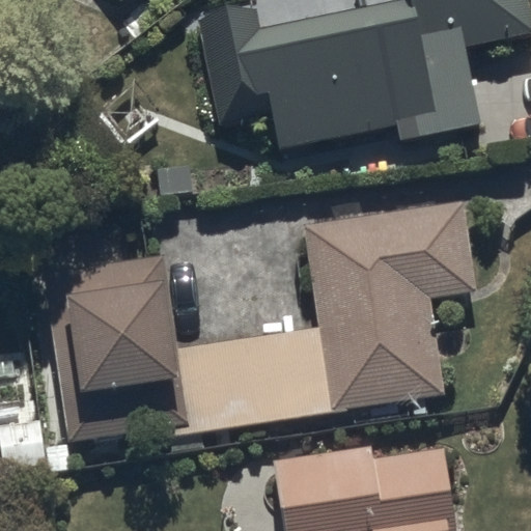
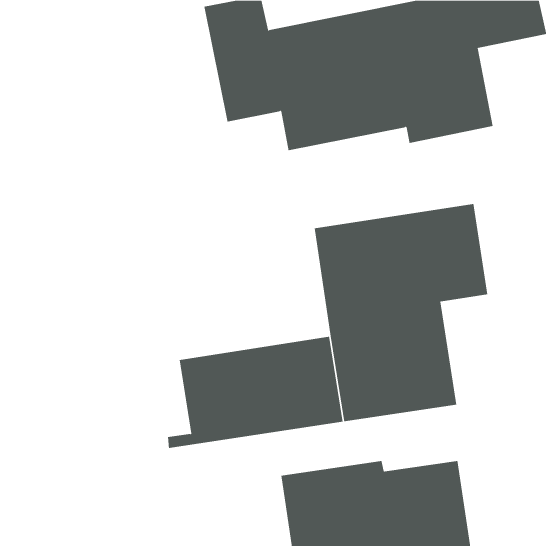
building: [45,256,186,439] -> none

